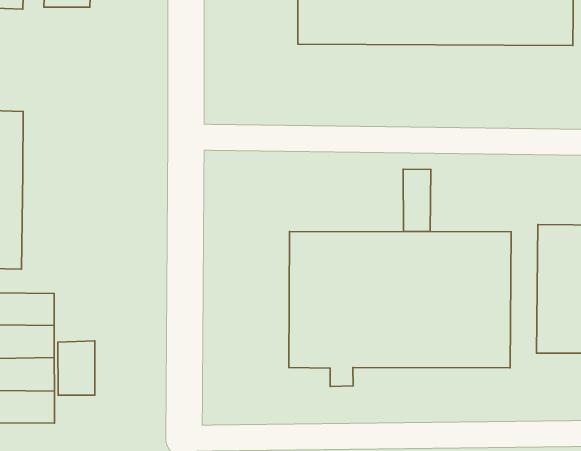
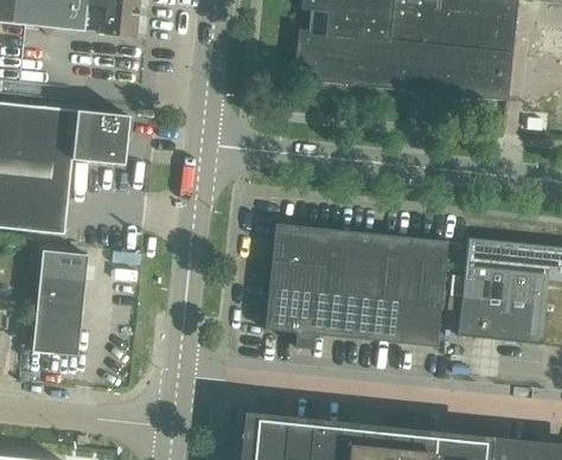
building: none -> [72,110,129,165]
building: [403,169,431,232] -> none
building: [58,341,95,395] -> none

